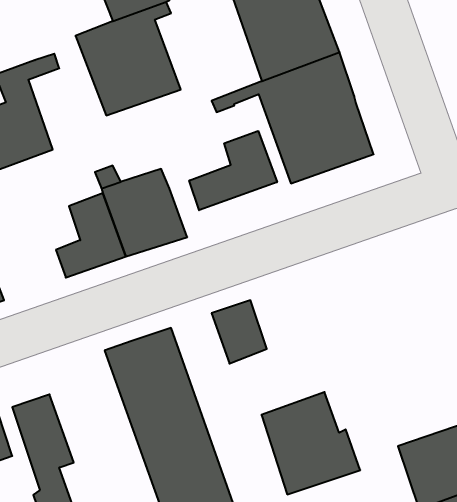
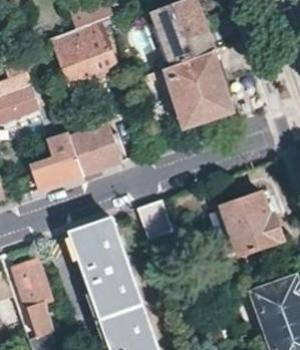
building: [189,131,277,210] -> none
building: [261,392,360,494] -> [222,191,283,254]

